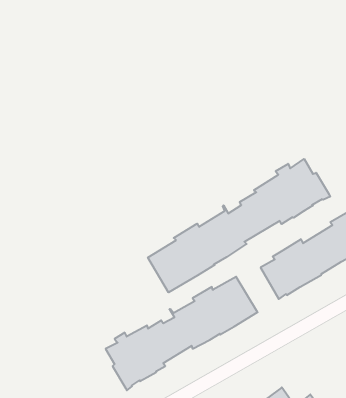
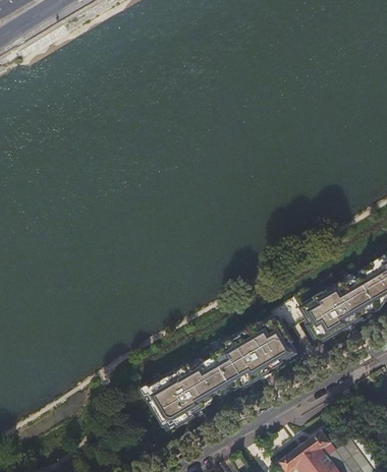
building: [148,159,330,292] -> none

